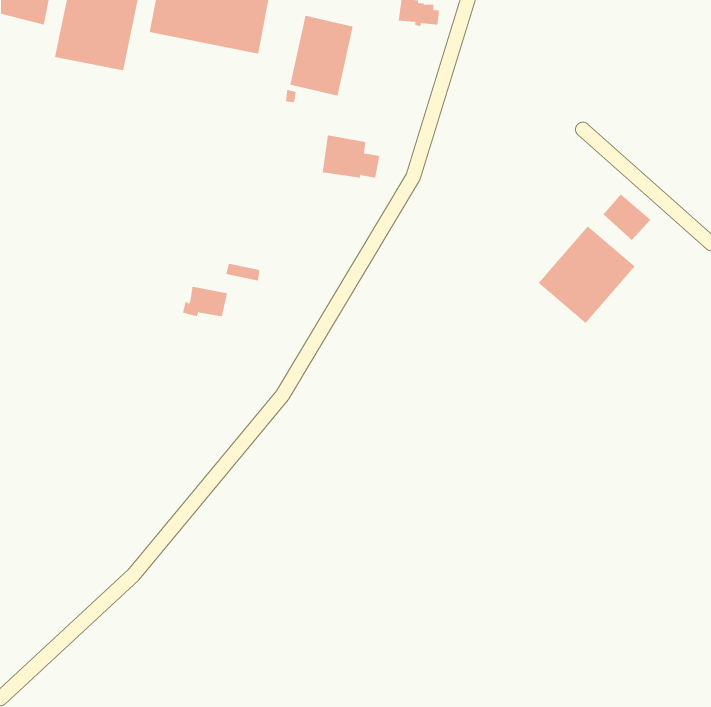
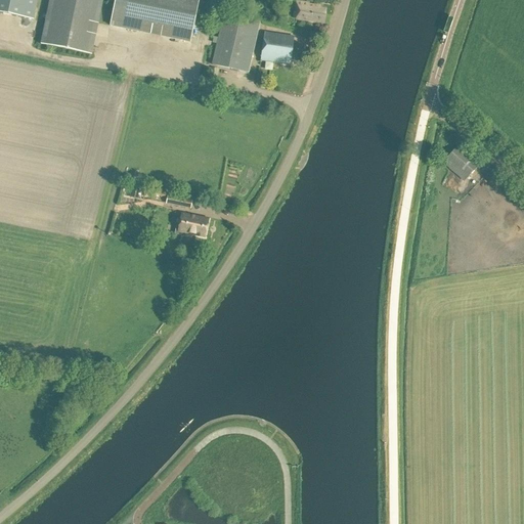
building: [322,135,380,178] -> [261,30,304,61]
building: [538,225,636,324] -> none
building: [182,286,228,317] -> [174,212,208,234]

